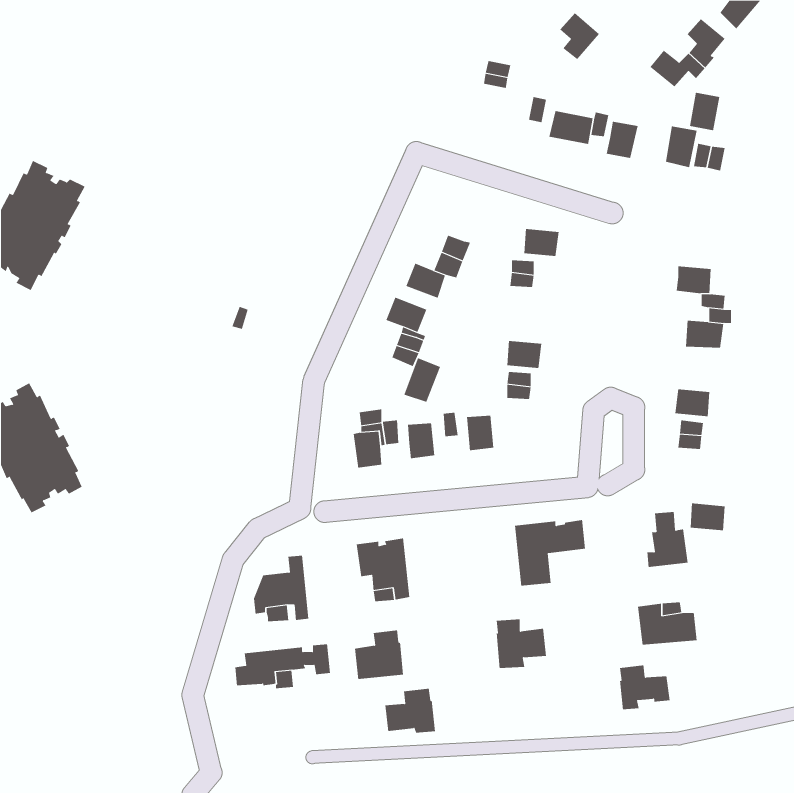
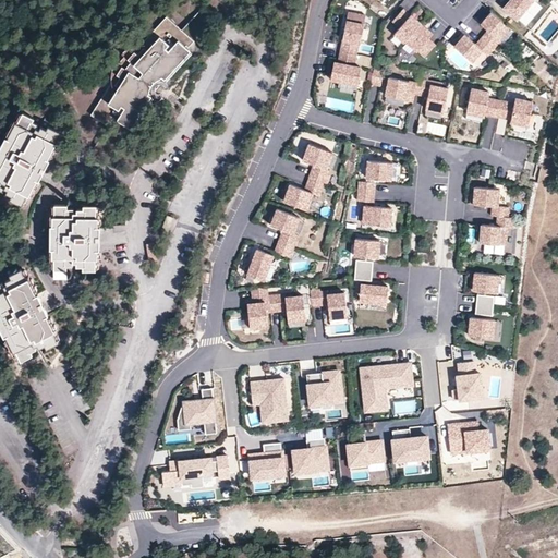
building: none -> [342,11,366,44]
building: none -> [92,19,193,130]
building: none -> [405,25,436,58]
building: none -> [331,63,361,85]
building: [689,92,720,131] -> [510,99,532,126]
building: none -> [303,145,332,170]
building: none -> [51,205,101,269]
building: none -> [363,206,391,227]
building: [404,357,441,403] -> [247,248,274,280]
building: none -> [360,284,388,304]
building: [690,503,725,531] -> [469,318,494,338]
building: none -> [307,372,341,408]
building: [619,665,670,710] -> [392,430,428,462]
building: [384,688,436,733] -> [292,439,328,471]

